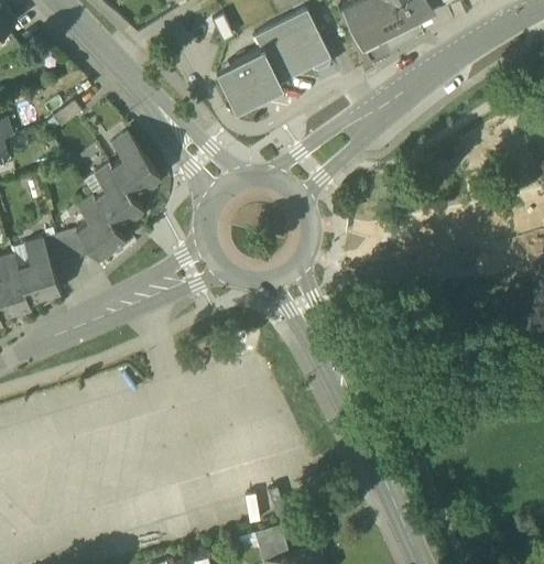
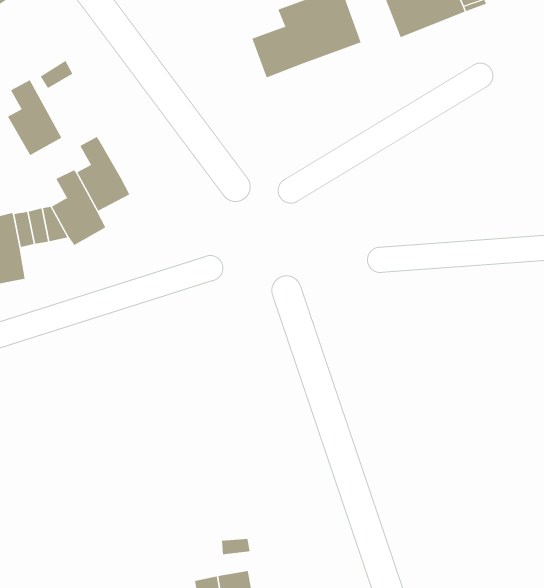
building: [216,64,282,111] -> none
building: [110,131,160,197] -> [7,80,62,156]

